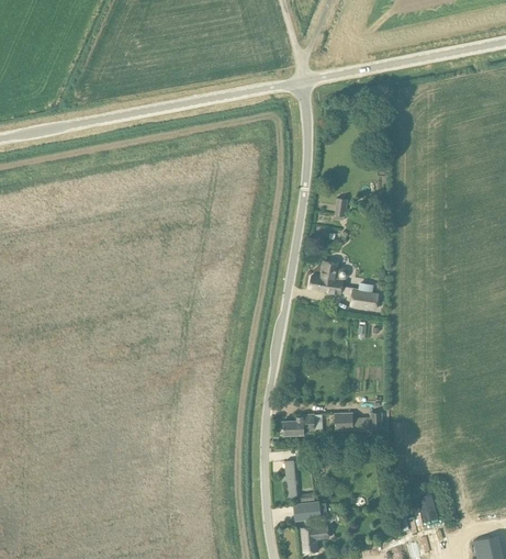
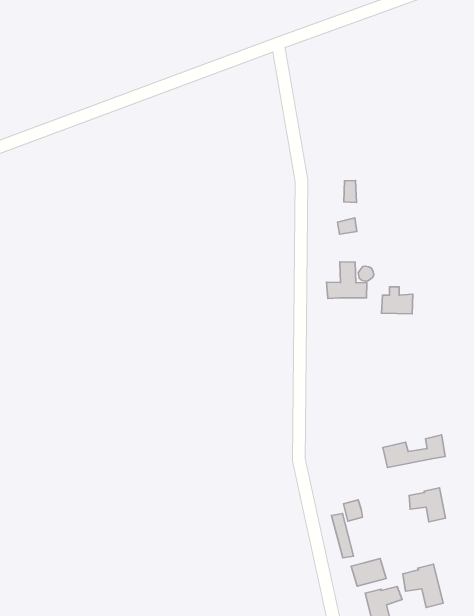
building: [282,413,314,434] -> none
building: none -> [409,488,446,522]
building: none -> [403,564,443,608]

